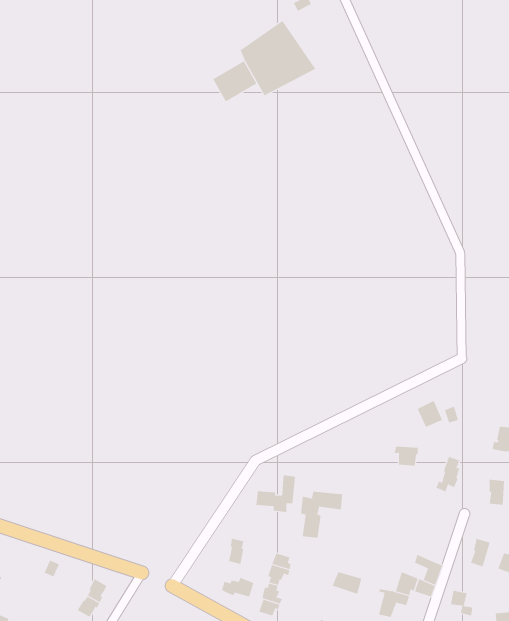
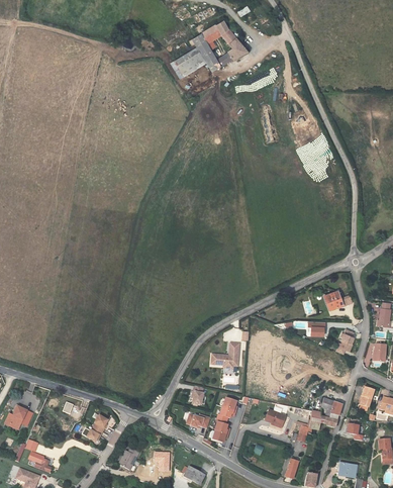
building: [300,491,343,539] -> none

